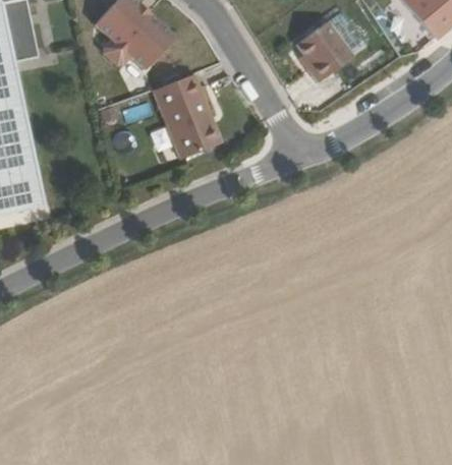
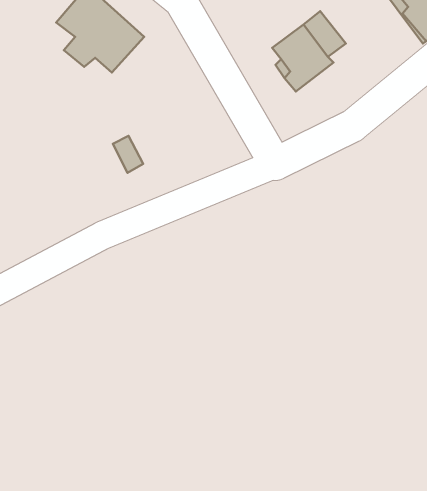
building: [157,70,223,155] -> none

